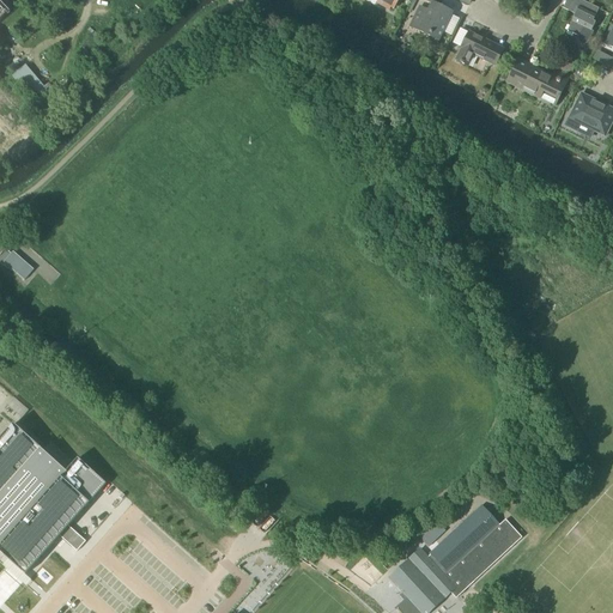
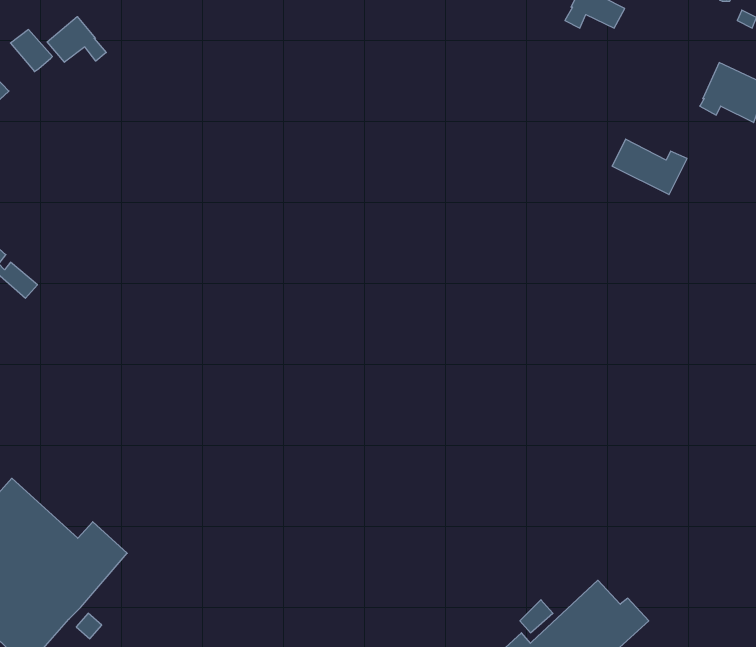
building: none -> [47,17,106,62]
building: [508,57,568,102] -> [612,139,687,195]

